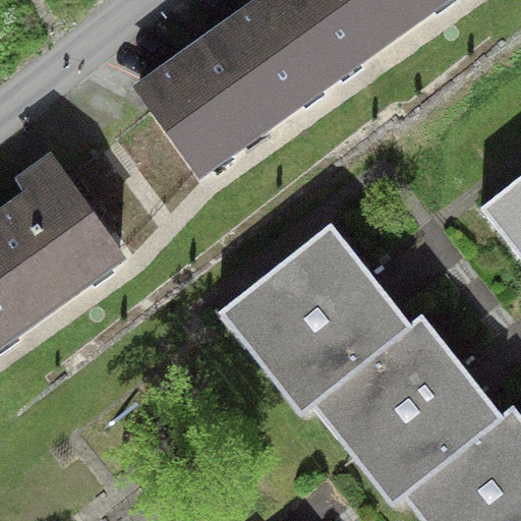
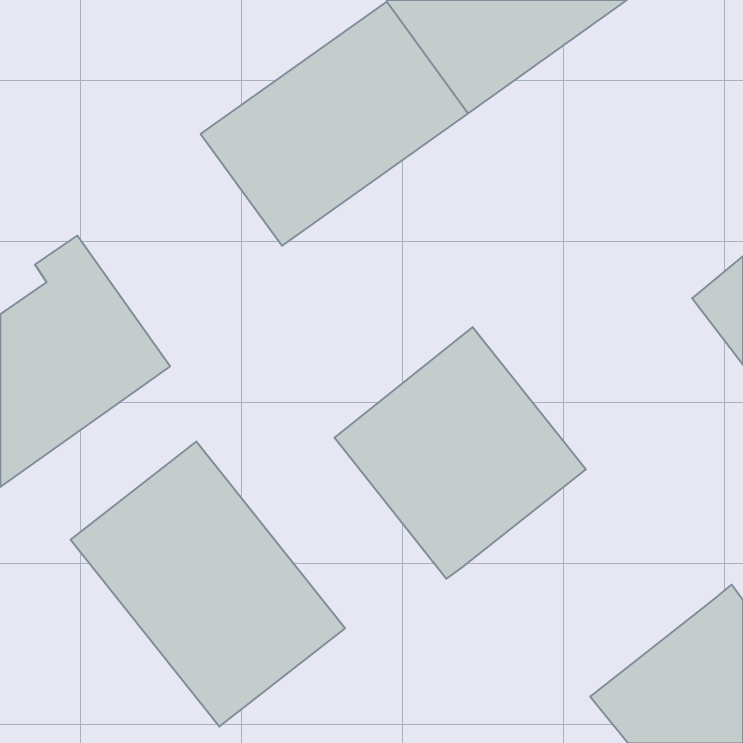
building: none -> [70,441,345,727]
building: [324,320,500,497] -> none

